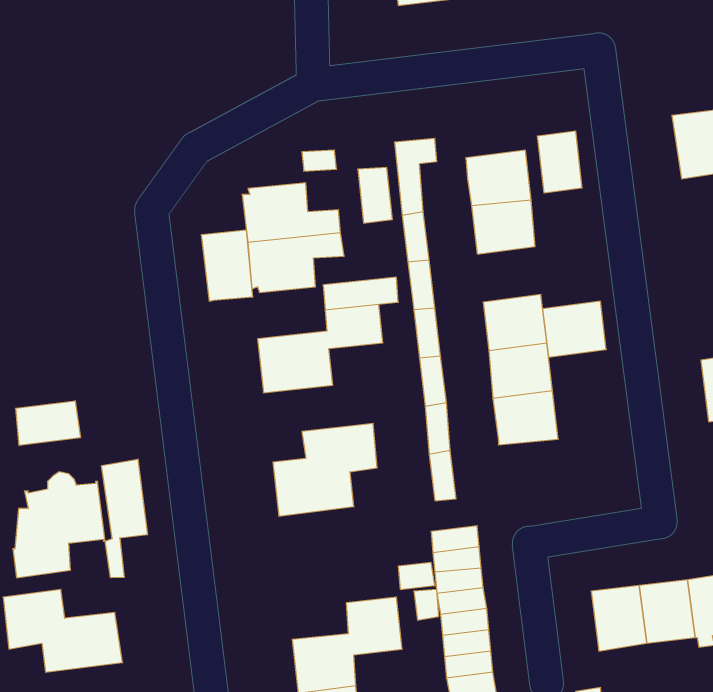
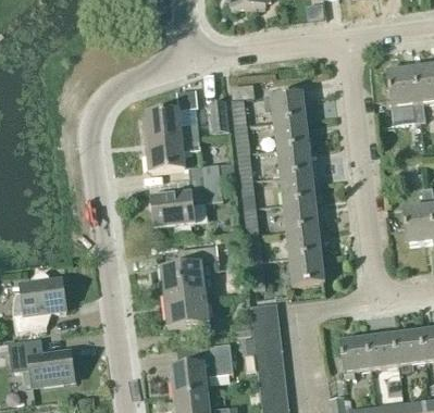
building: [537,131,582,193] -> none
building: [201,230,253,301] -> none
building: [543,301,606,357] -> [275,143,311,175]
building: [16,401,80,446] -> none
building: none -> [287,252,324,284]
building: [102,459,148,578] -> none
building: none -> [163,290,210,327]

